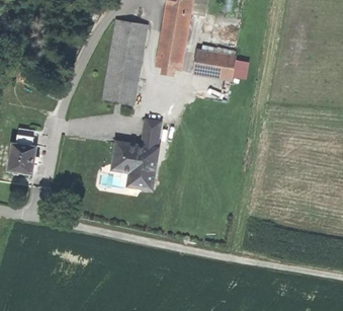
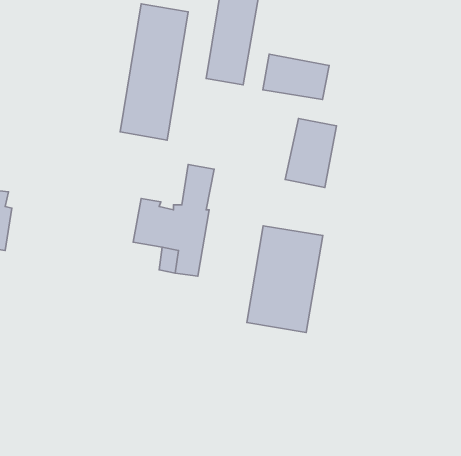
building: none -> [285,119,337,187]
building: none -> [247,226,323,332]

